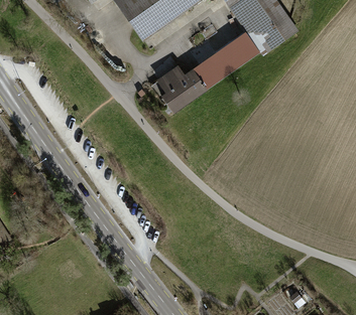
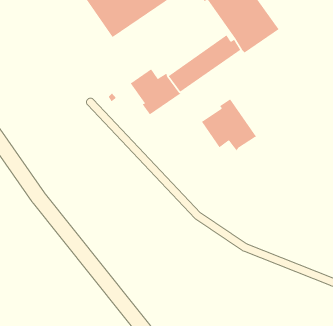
building: none -> [201,98,257,151]

